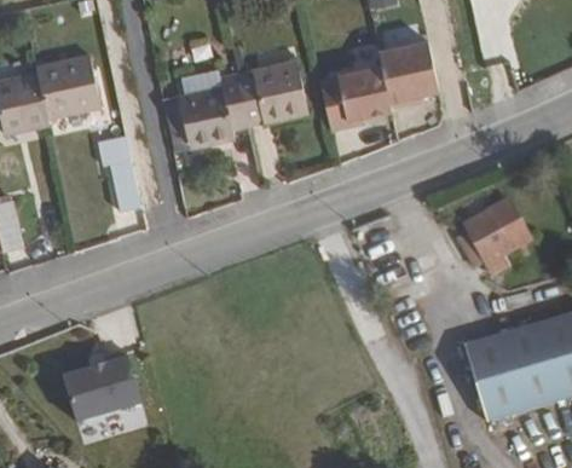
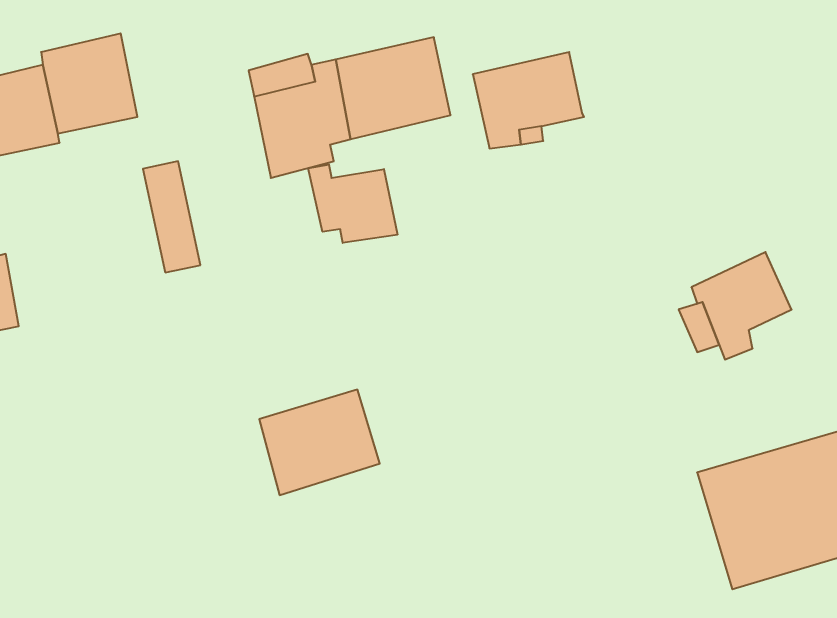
building: [379,41,437,108] -> none
building: none -> [308,164,397,243]
building: [64,352,143,421] -> [259,390,380,495]

